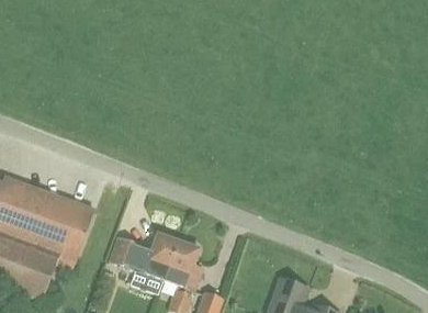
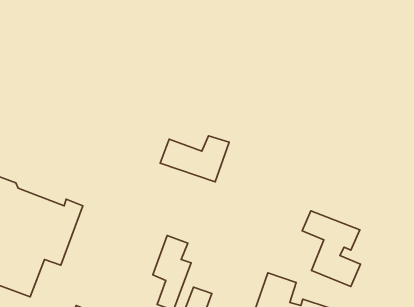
building: none -> [302,211,360,286]
building: [110,232,179,278] -> [160,136,229,182]

